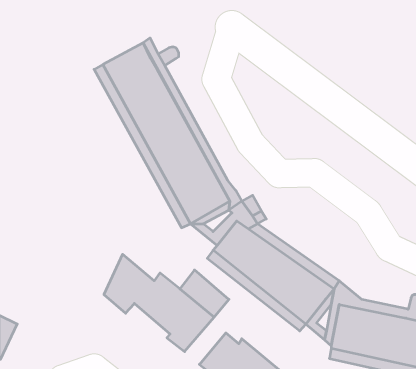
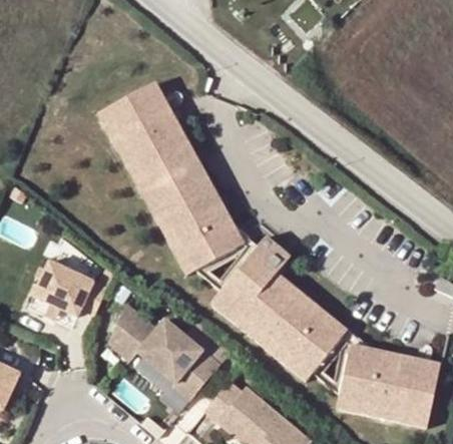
building: none -> [32,261,105,315]

